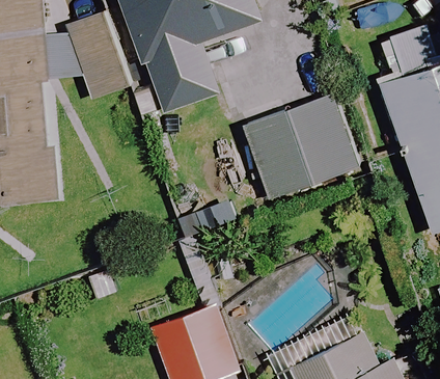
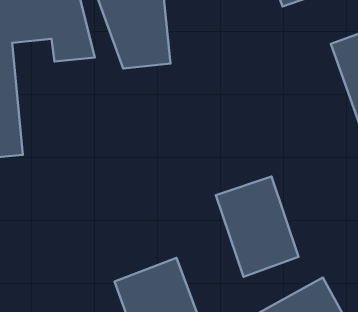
building: [244,96,356,196] -> none
building: none -> [216,176,299,277]

